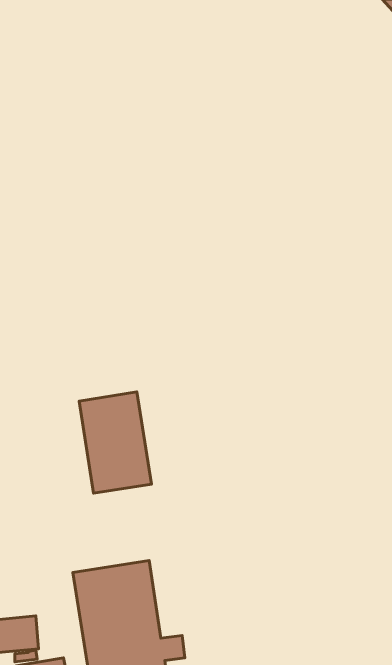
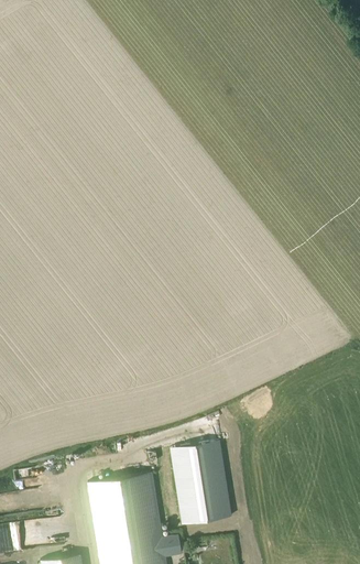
building: [79,392,151,493] -> [166,441,227,525]

